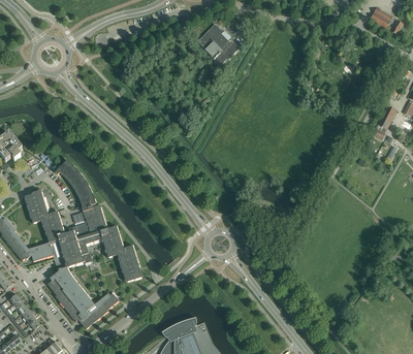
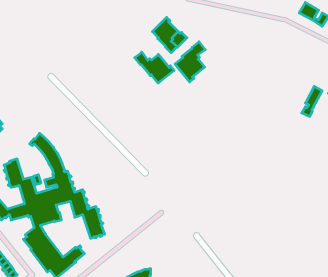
building: none -> [175,42,205,82]
building: none -> [135,52,174,83]

